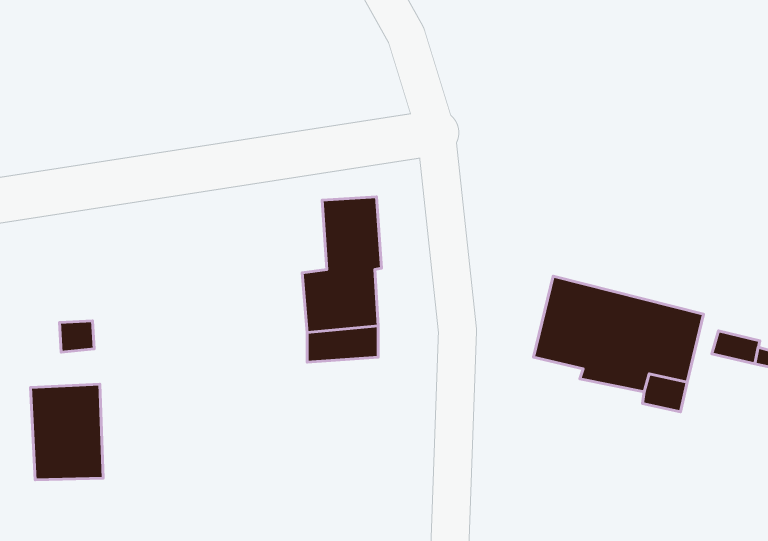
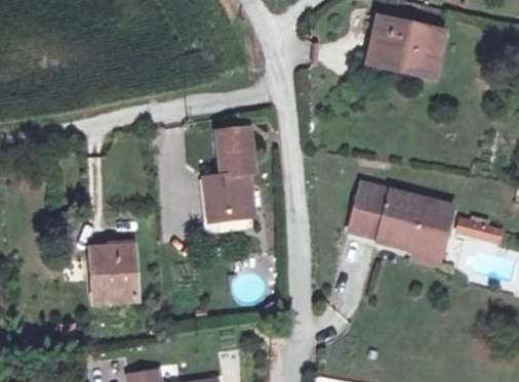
building: none -> [374,20,451,80]
building: [30,384,103,480] -> [89,243,134,302]

